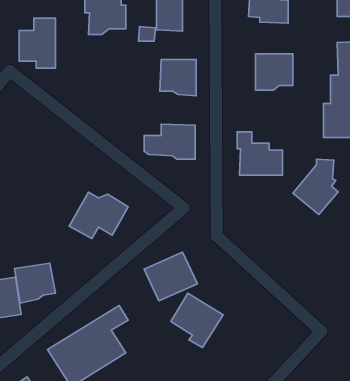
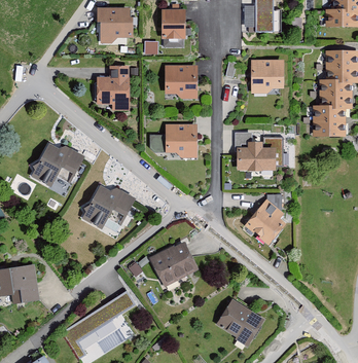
building: [19,18,56,68] -> [97,66,130,111]
building: none -> [31,144,83,187]
building: [293,159,338,215] -> [245,194,286,245]
building: [15,263,56,303] -> none
building: [171,293,223,348] -> [217,299,264,349]

